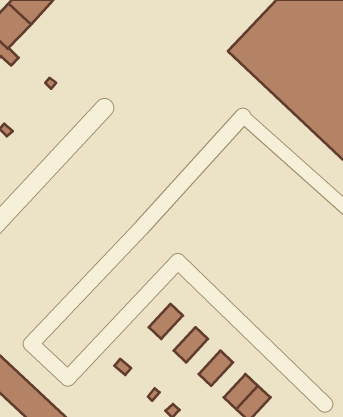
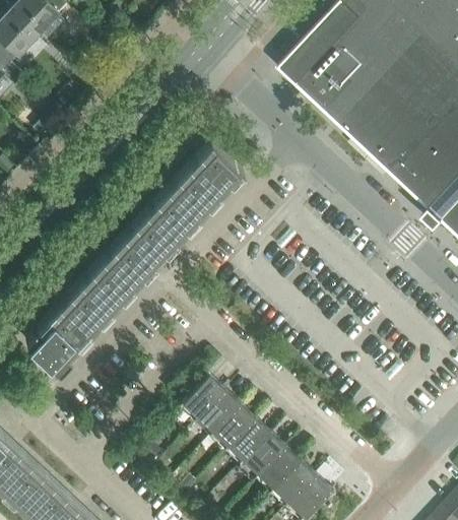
building: none -> [27,141,246,371]
building: none -> [196,391,242,438]
building: none -> [231,419,272,462]
building: none -> [261,448,303,491]

